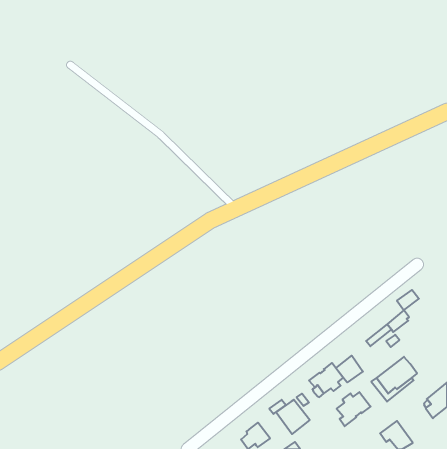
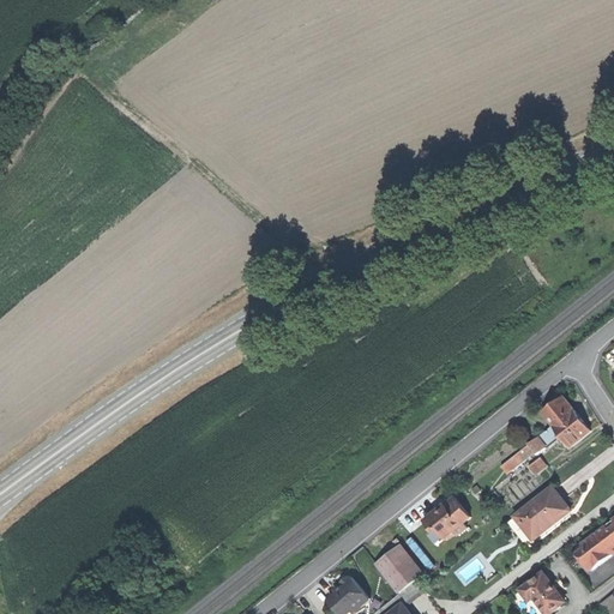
building: none -> [550,408,588,446]
building: [336,356,363,382] -> none
building: [337,392,371,426] -> none

